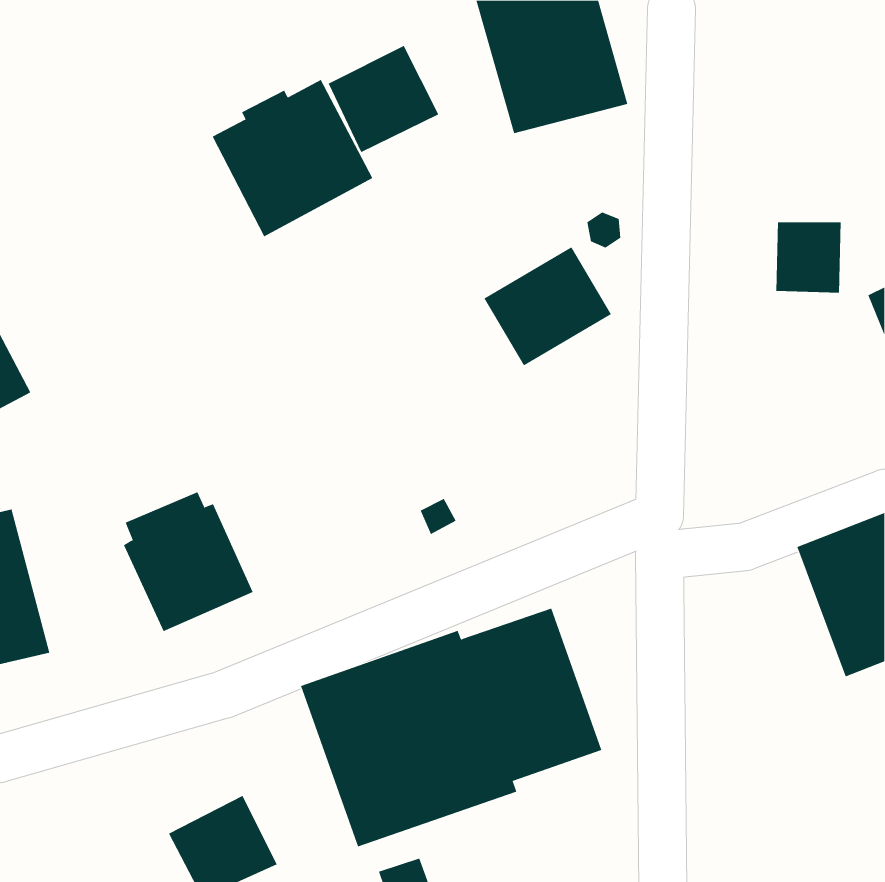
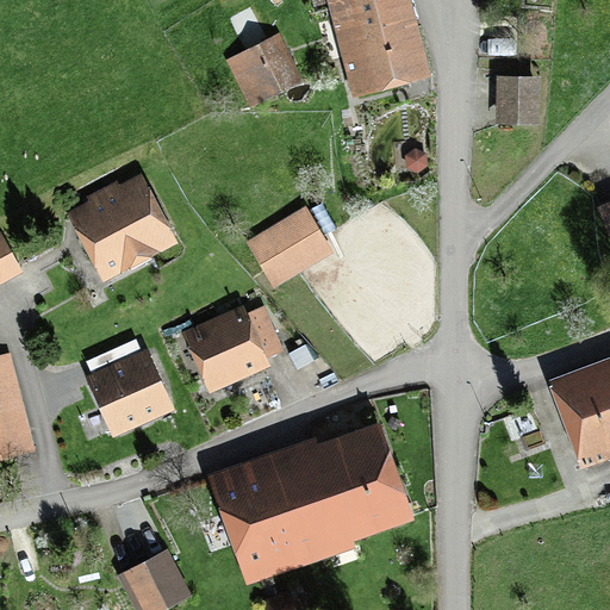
building: [212,79,373,237] -> [66,174,176,282]
building: [776,222,841,293] -> [494,75,540,124]
building: [483,246,612,366] -> [244,206,332,288]
building: none -> [181,305,282,394]

